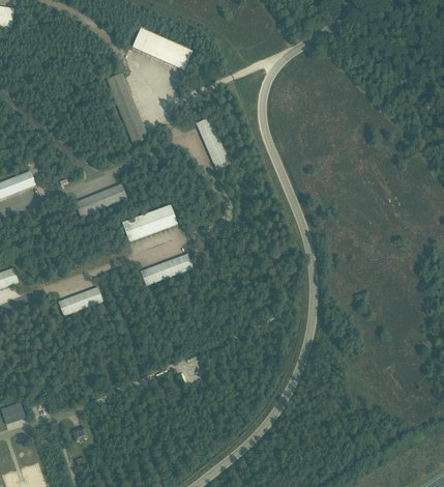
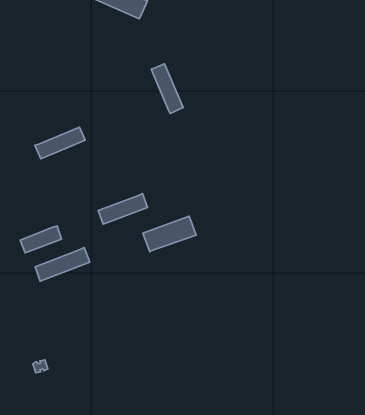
building: [106,73,147,143] -> none
building: [121,204,177,241] -> [143,216,196,252]
building: none -> [35,247,90,281]

